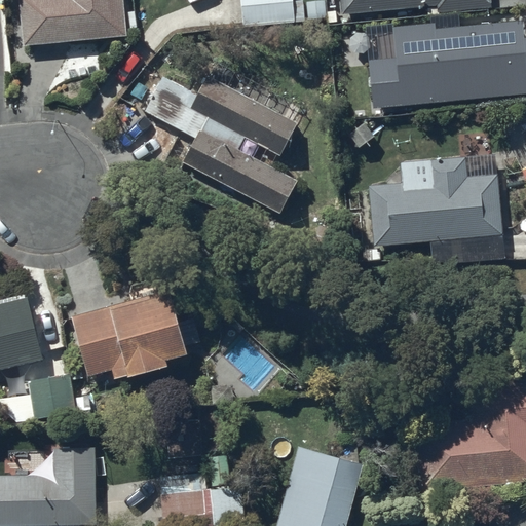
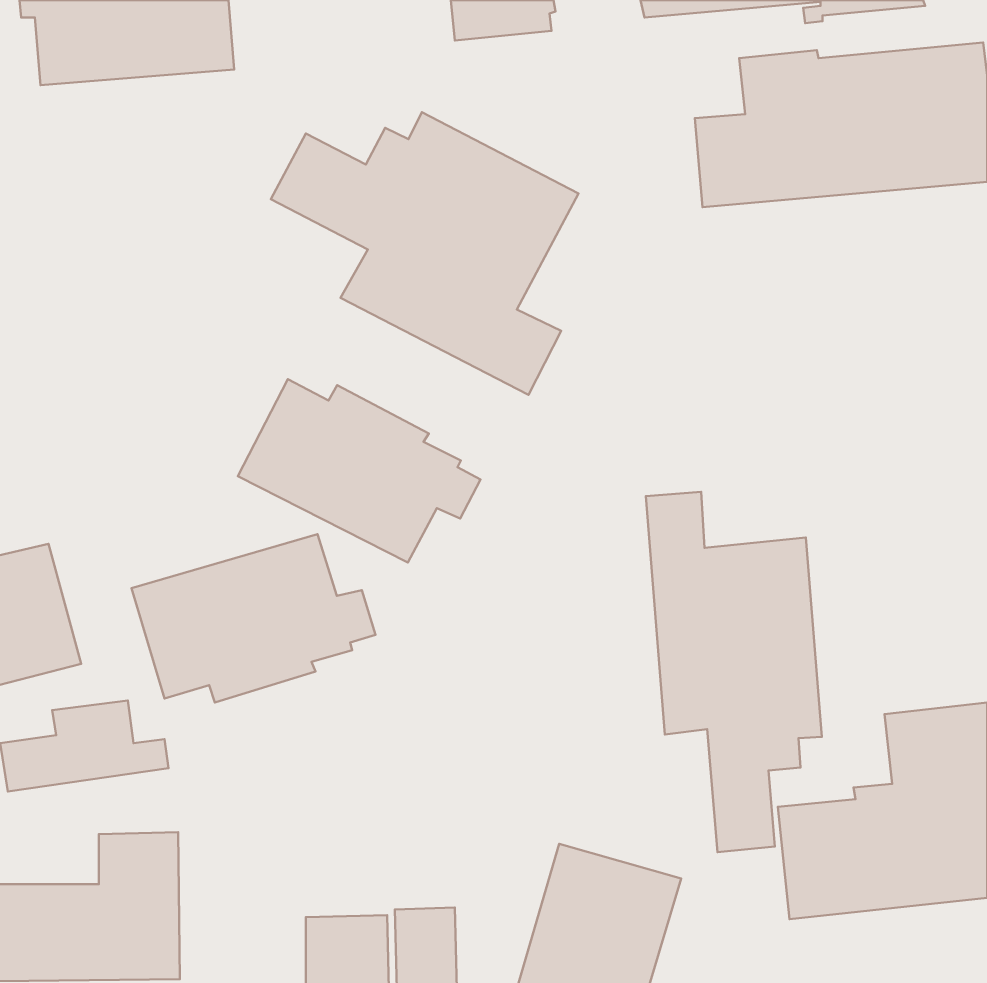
building: [368,163,502,253] -> none
building: none -> [238,379,480,563]
building: none -> [646,492,822,852]

